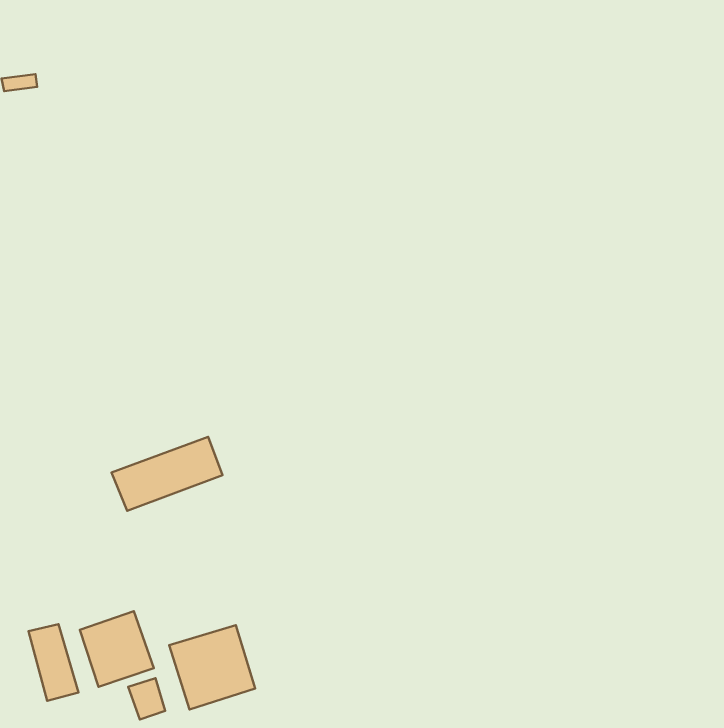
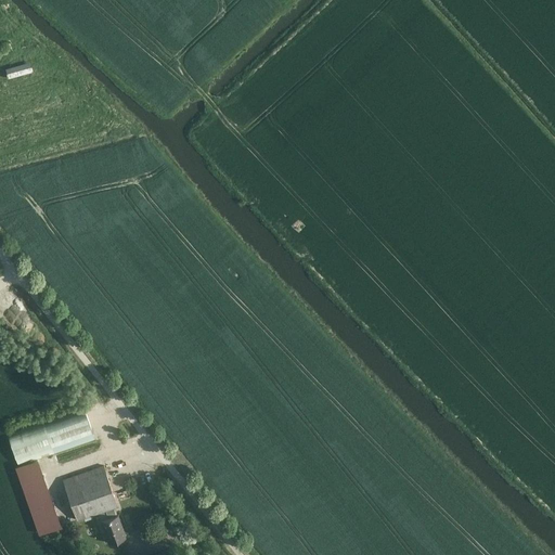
building: [111,437,223,511] -> [8,410,92,466]
building: [169,625,255,710] -> none

